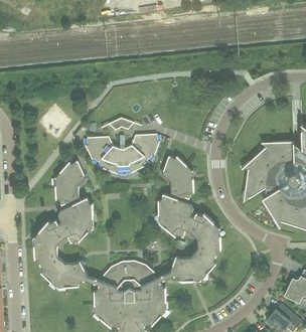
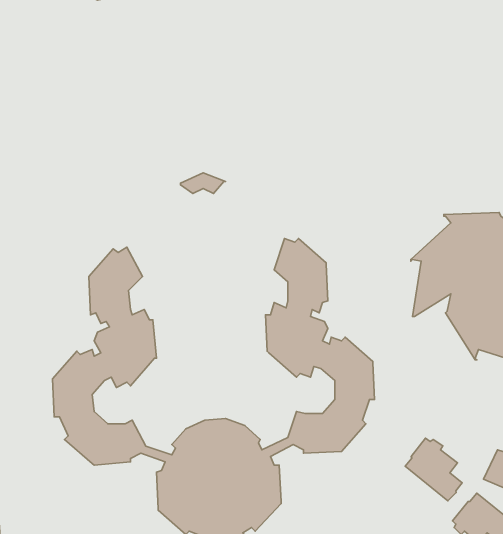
building: [85,134,159,174] -> none
building: none -> [405,438,462,501]

